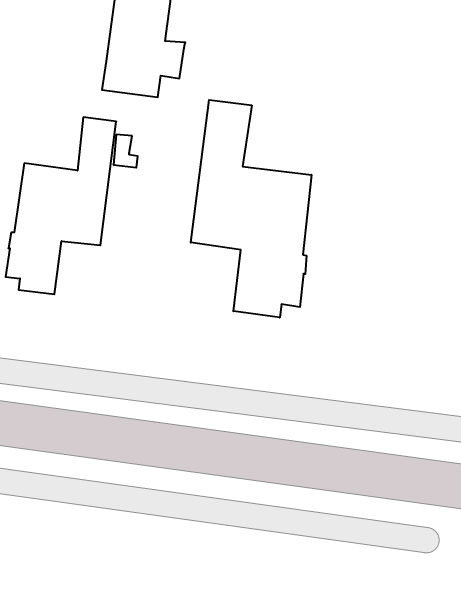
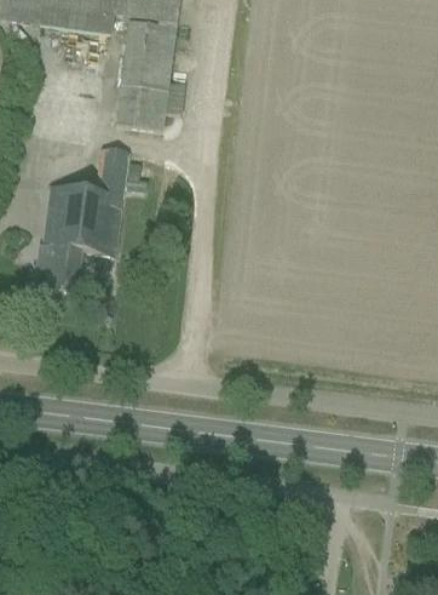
building: [191,100,311,318] -> none

